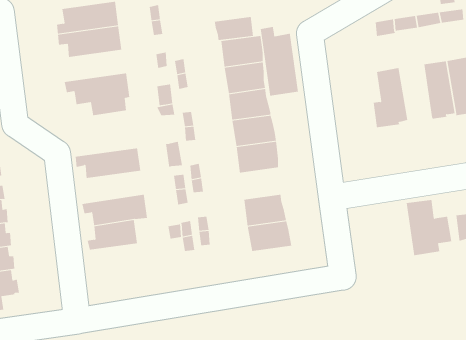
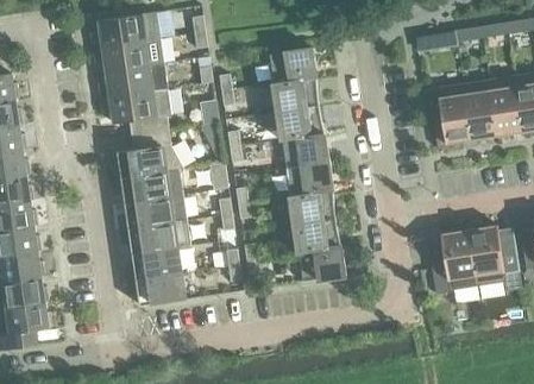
building: [214,16,253,41] -> none
building: [260,26,298,96] -> none
building: none -> [99,63,168,97]
building: none -> [461,78,496,141]
building: none -> [111,128,183,178]
building: none -> [289,190,334,225]
building: none -> [118,194,187,229]
building: none -> [429,228,477,294]
building: none -> [127,272,183,304]

